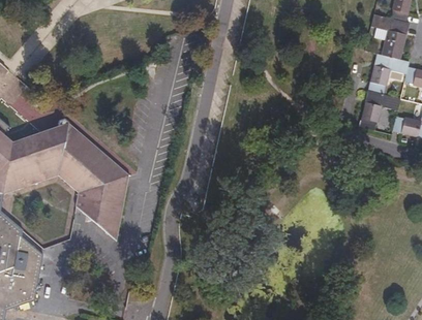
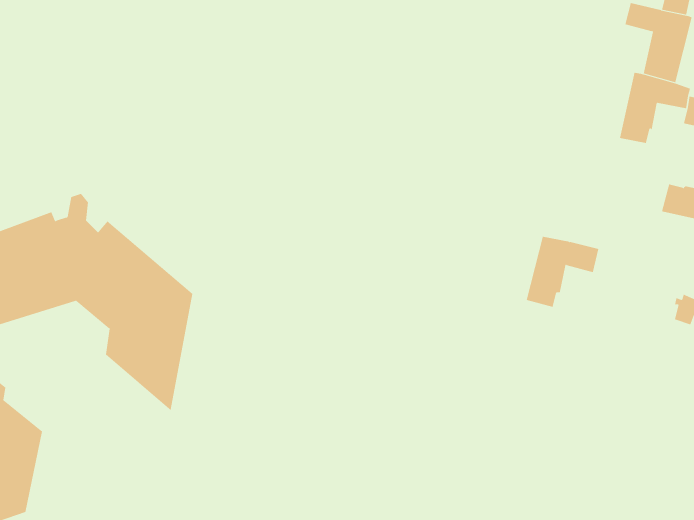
building: [359,89,400,129] -> [526,236,599,308]

